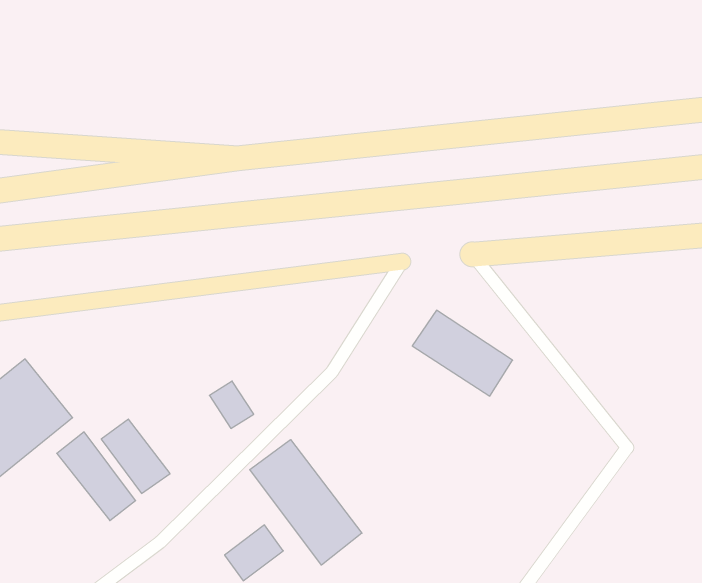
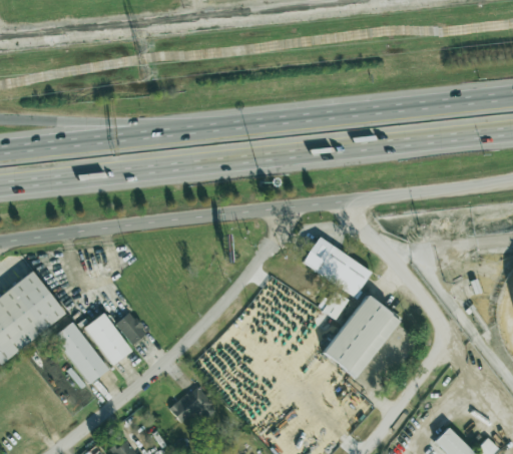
building: [209,381,254,428] -> [116,312,147,345]
building: none -> [324,295,401,378]
building: [250,440,362,565] -> none

